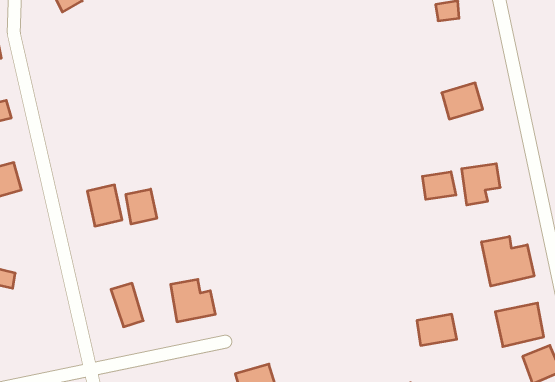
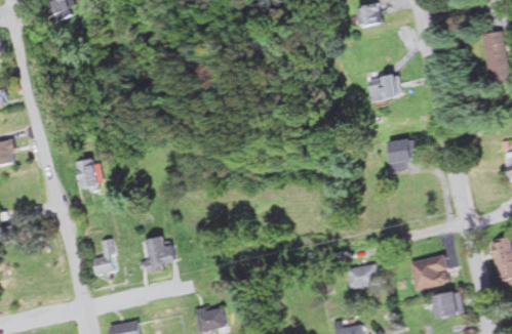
building: [422,172,456,199] -> none
building: [126,189,157,224] -> none
building: [482,236,534,286] -> none

